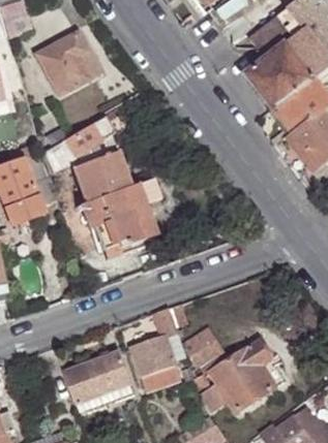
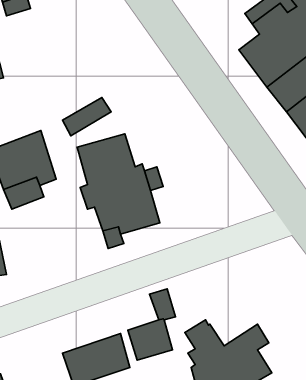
building: [35,28,92,94] -> none

